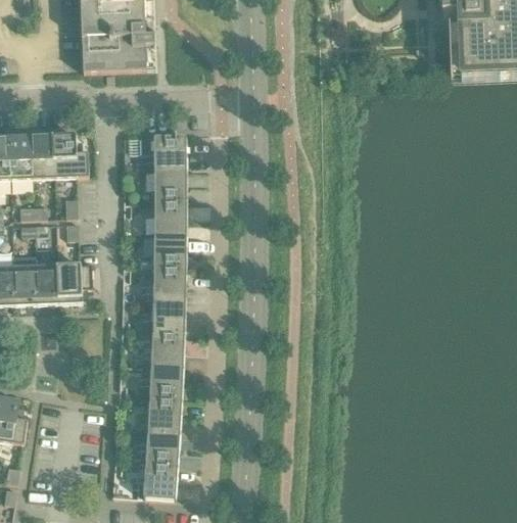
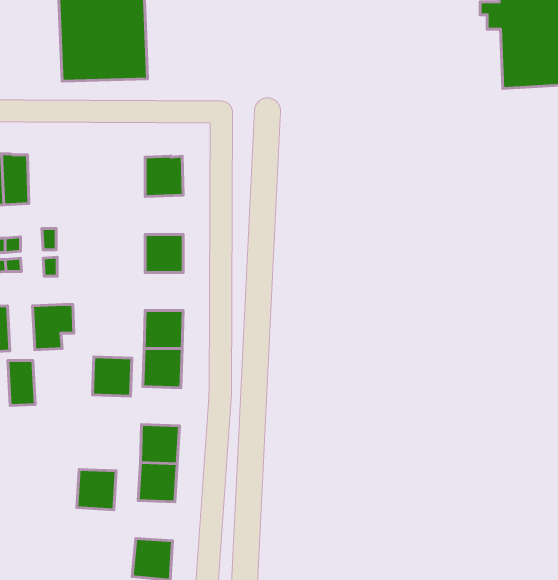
building: [52,133,88,176] -> none
building: [153,169,186,202] -> none
building: [153,235,186,268] -> none
building: [35,264,58,302] -> [8,360,35,406]
building: [150,333,184,367] -> [93,357,132,396]
building: [145,431,179,466] -> [77,470,116,510]

